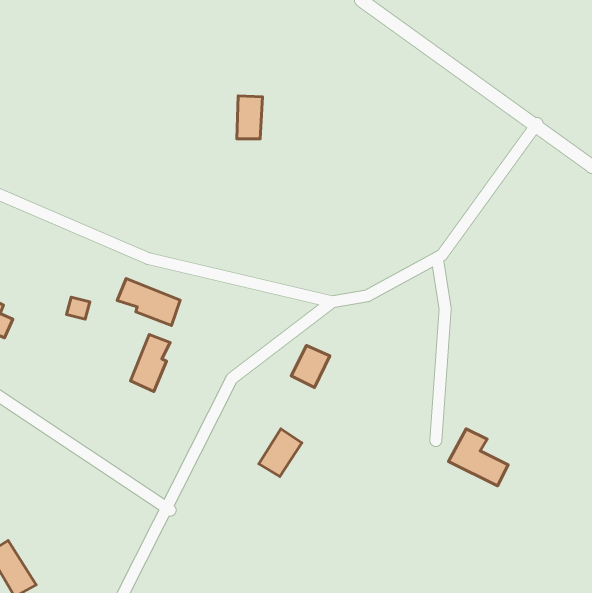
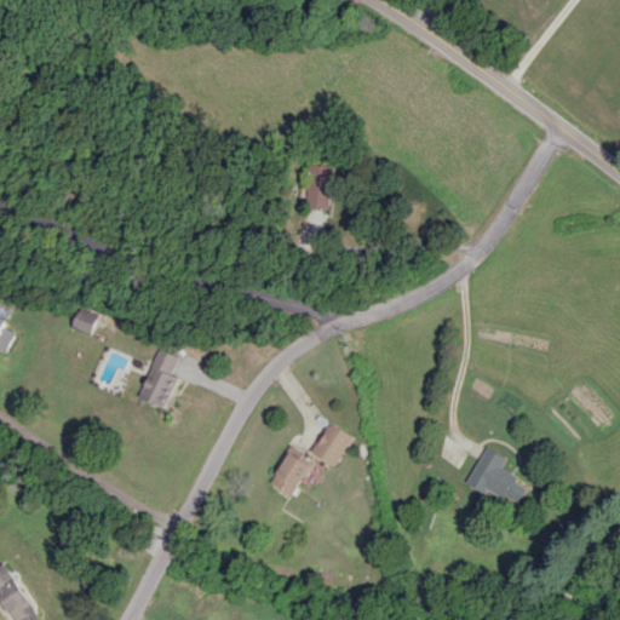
building: [237,96,263,139] -> [309,166,335,211]
building: [117,278,180,326] -> none
building: [291,345,330,387] -> [311,424,351,467]

